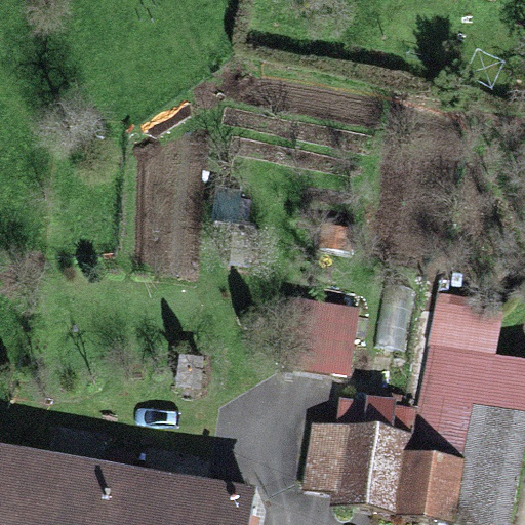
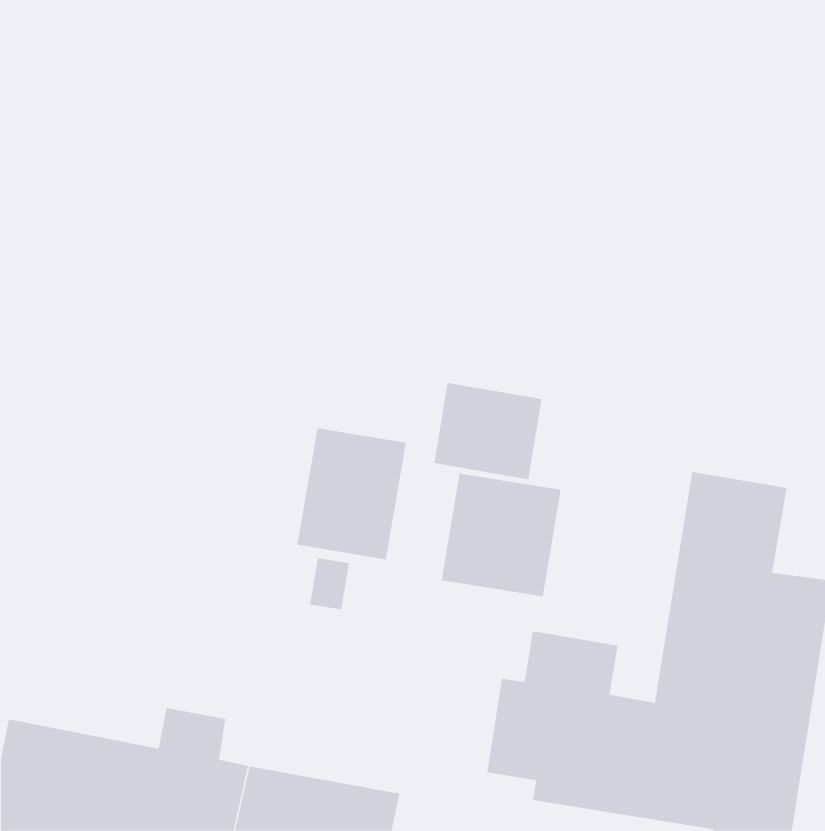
building: none -> [434,382,542,480]
building: none -> [297,427,406,560]

